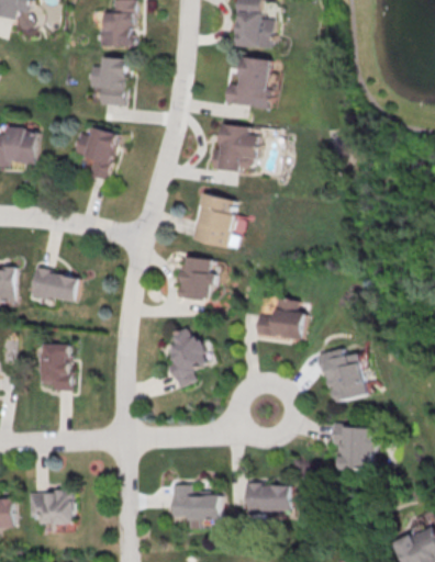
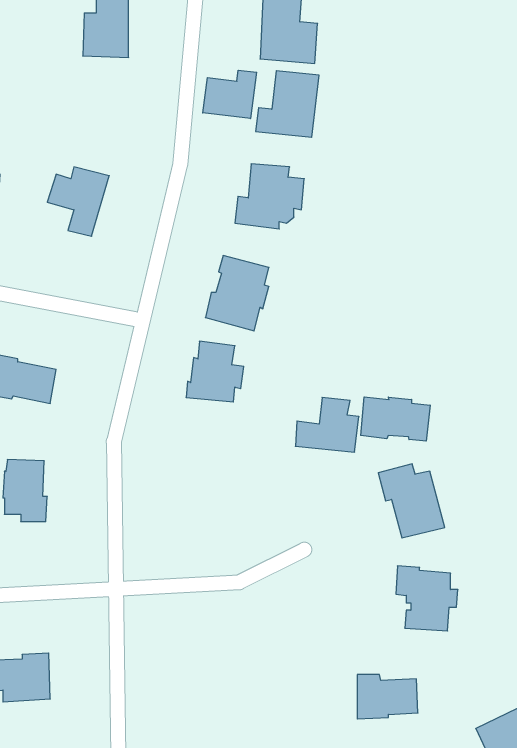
building: none -> [203,70,257,119]
building: [87,58,130,108] -> none
building: none -> [361,397,430,441]
building: [168,327,210,387] -> none
building: [246,483,291,516] -> [357,675,418,719]
building: [172,485,222,529] -> none

